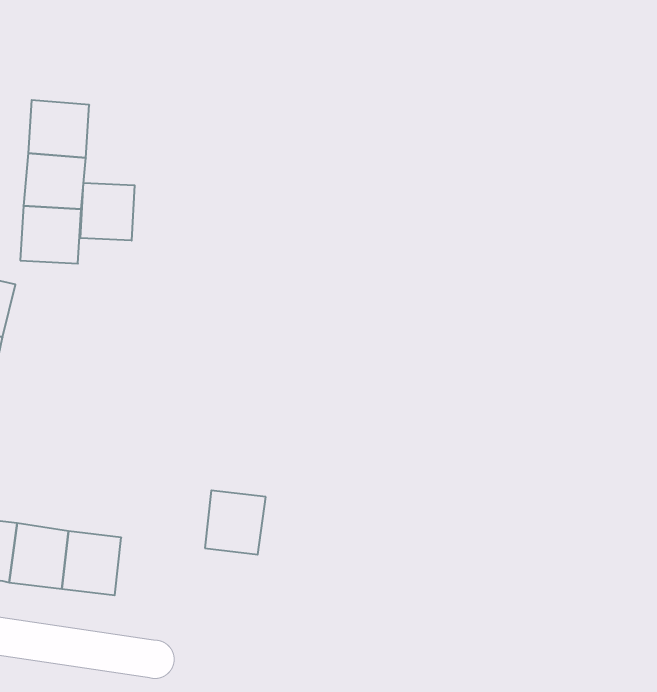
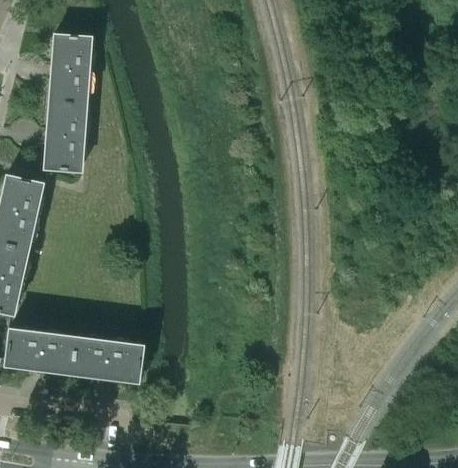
building: none -> [52,35,91,72]
building: [81,183,135,241] -> none
building: [205,490,266,555] -> [104,342,142,382]

